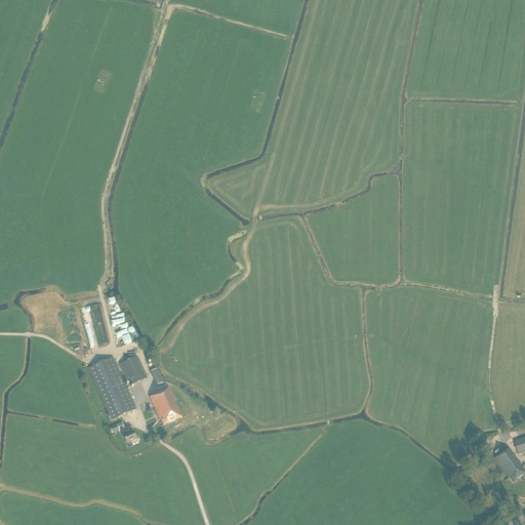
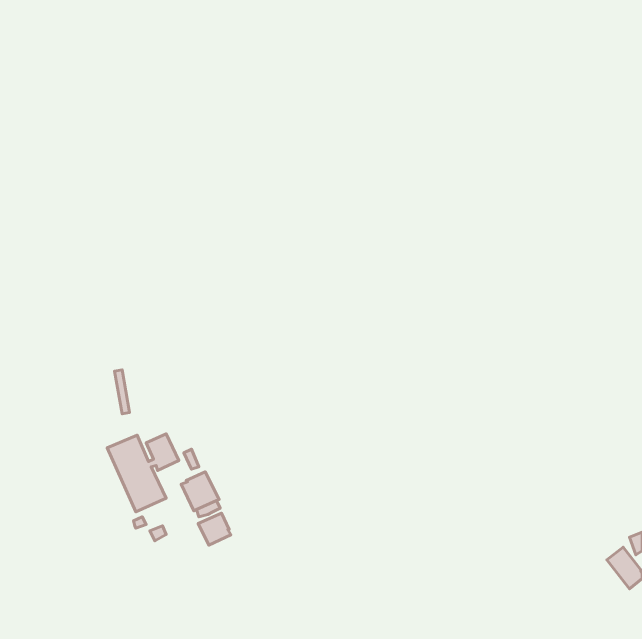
building: none -> [198,513,231,545]

